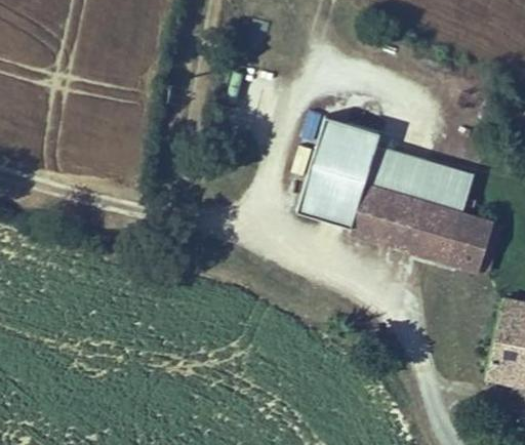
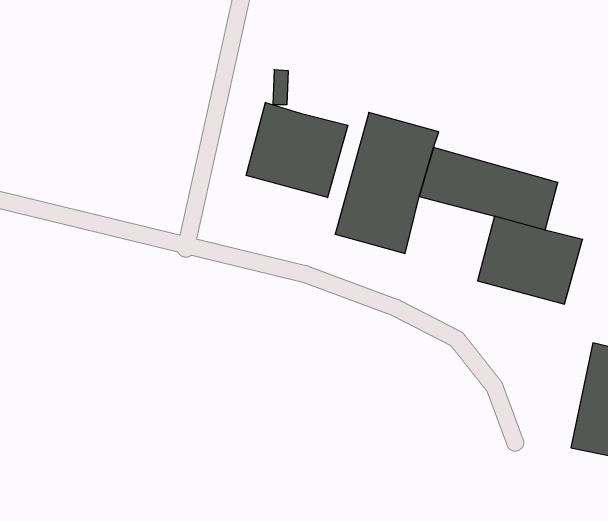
building: none -> [246,102,348,198]
building: [347,184,419,250] -> none

